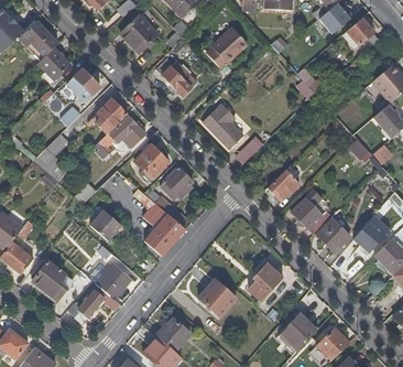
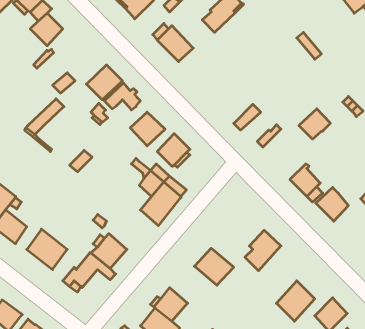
building: [67,67,100,99] -> none
building: [202,97,243,148] -> none
building: [268,171,298,201] -> [299,109,330,139]
building: [90,208,121,239] -> none

